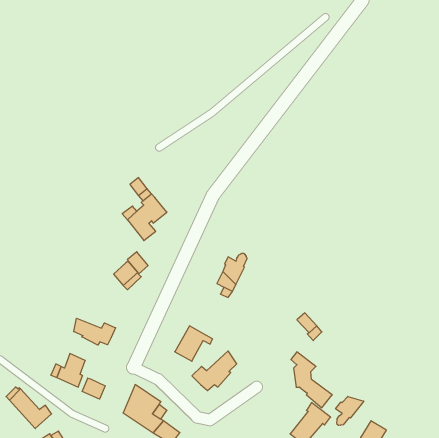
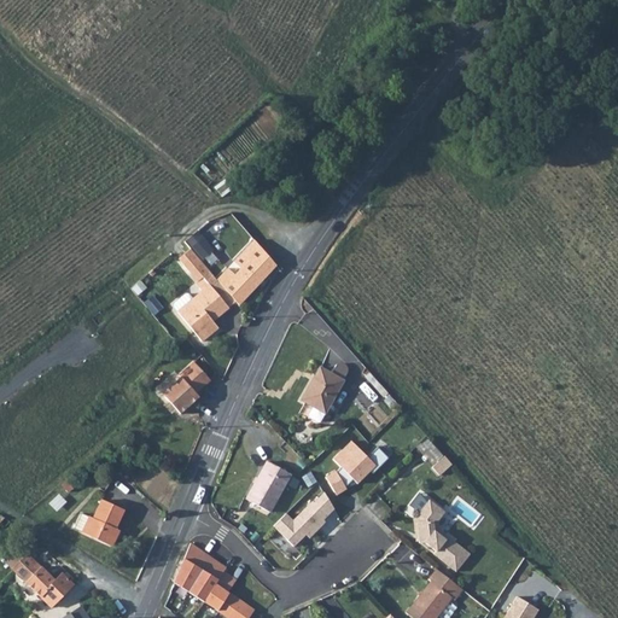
building: none -> [218,240,278,305]
building: none -> [323,444,385,500]
building: [74,318,116,345] -> none
building: [82,378,105,399] -> none
building: [336,396,364,425] -> none

